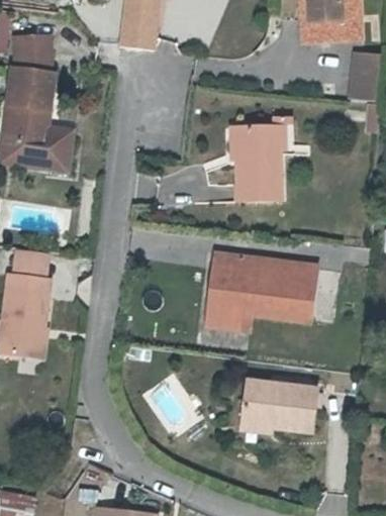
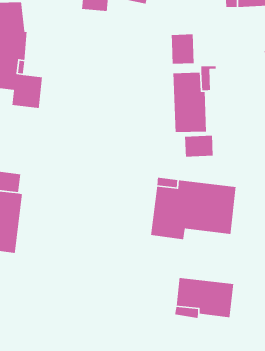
building: none -> [171,33,195,65]
building: none -> [184,135,214,157]

